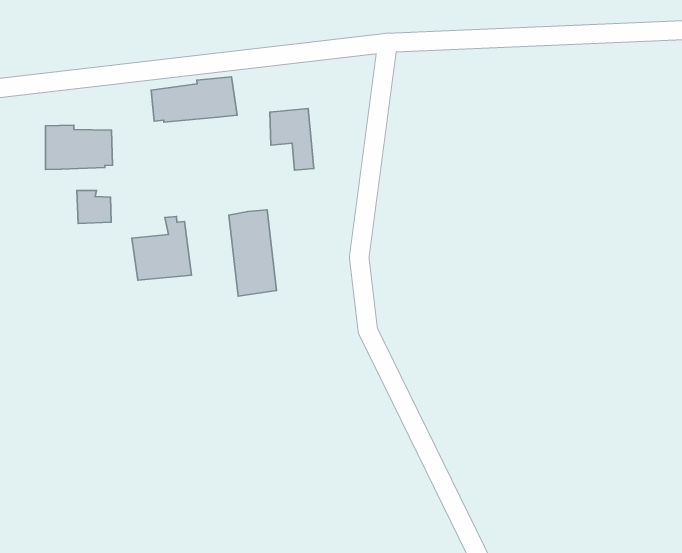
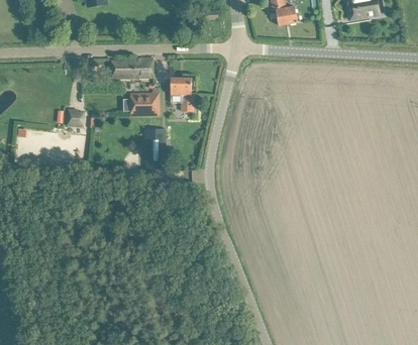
building: [45,125,113,170] -> none
building: [132,216,192,280] -> [129,83,159,114]

